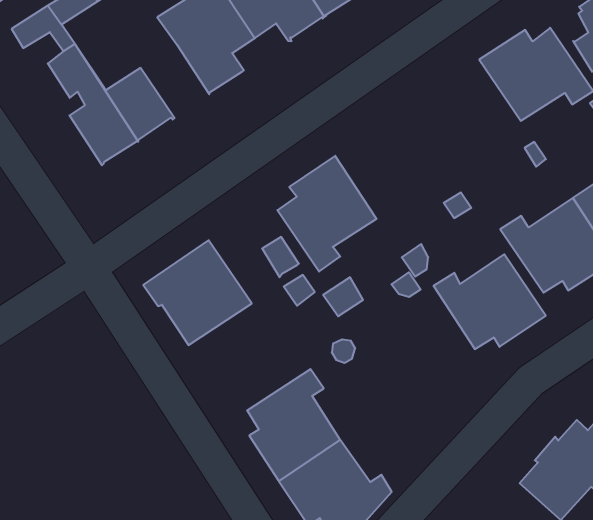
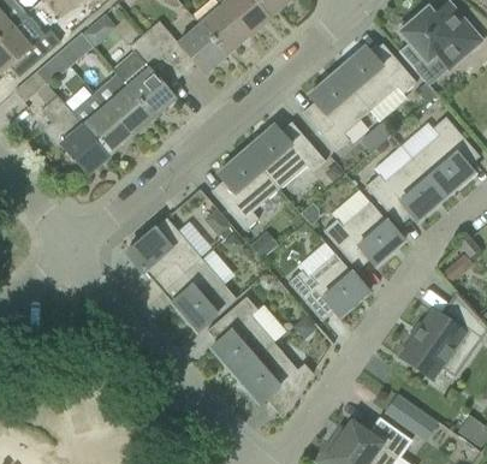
building: none -> [105,85,154,136]
building: none -> [302,70,369,150]
building: none -> [245,120,325,188]
building: none -> [161,256,236,331]
building: none -> [287,252,368,320]

